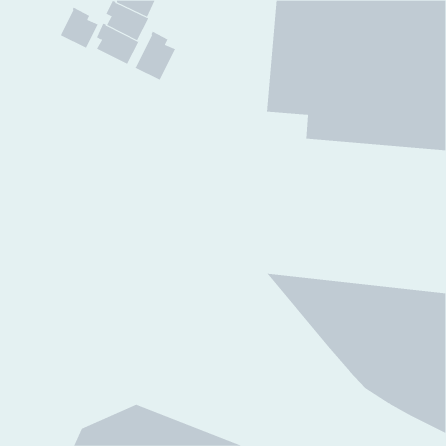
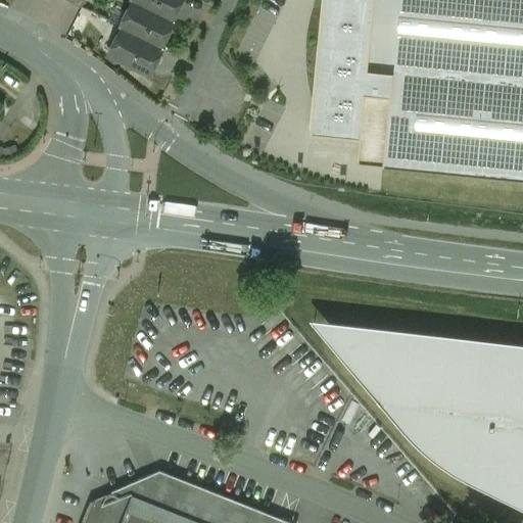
building: [59,7,98,48] -> none
building: [134,31,176,81] -> none

